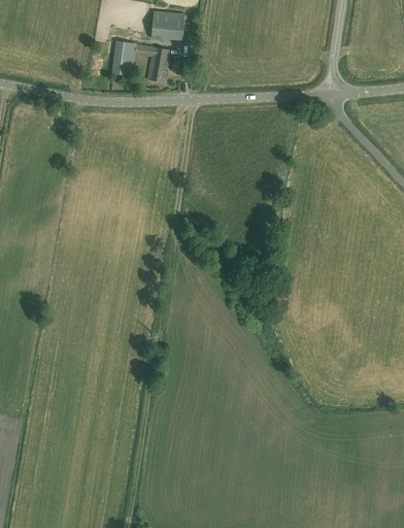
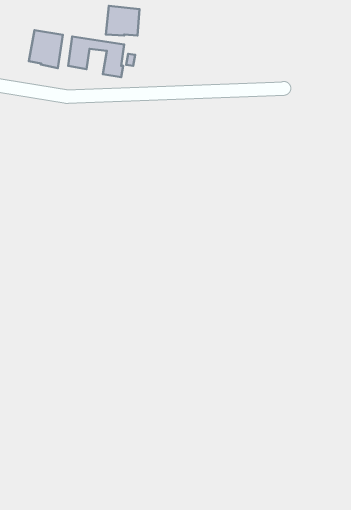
building: none -> [29,30,63,68]

